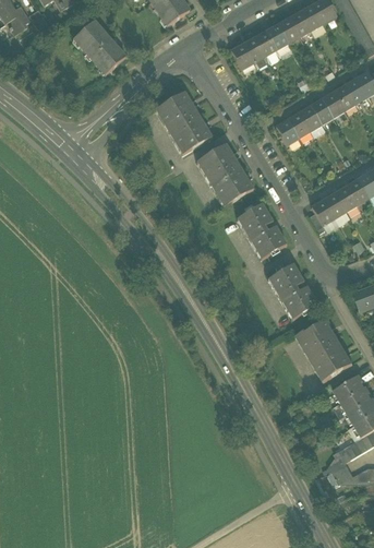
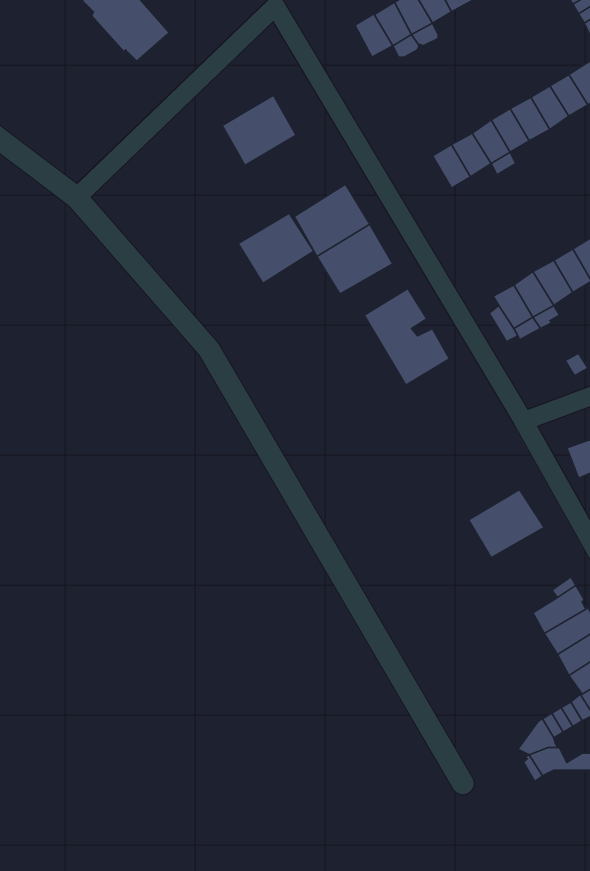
building: [168,114,212,154] -> [238,213,314,283]
building: [268,262,317,318] -> none
building: [310,339,353,380] -> none

